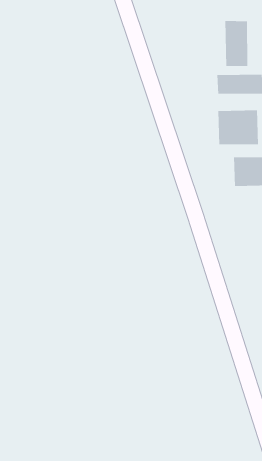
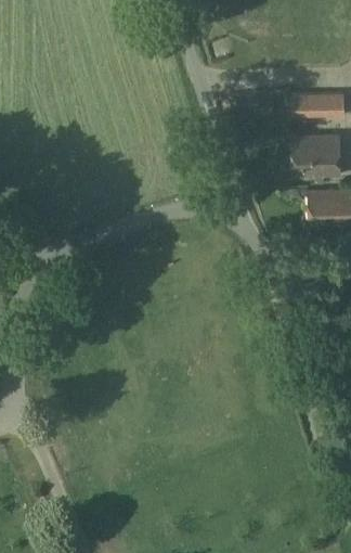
building: [225,20,248,67] -> none

